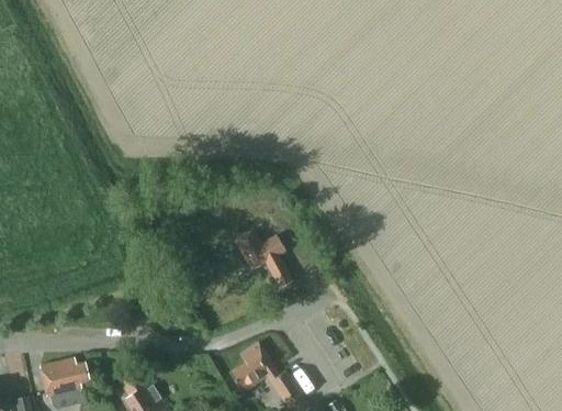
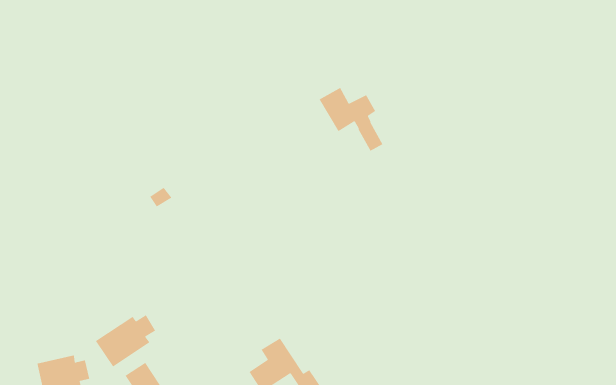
building: [234,230,292,288] -> [319,87,384,152]
building: none -> [95,314,156,368]

